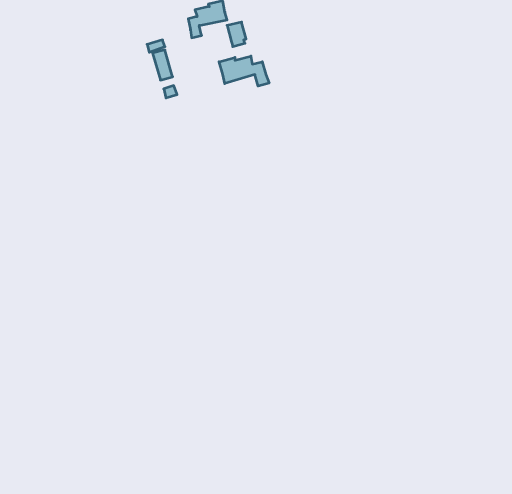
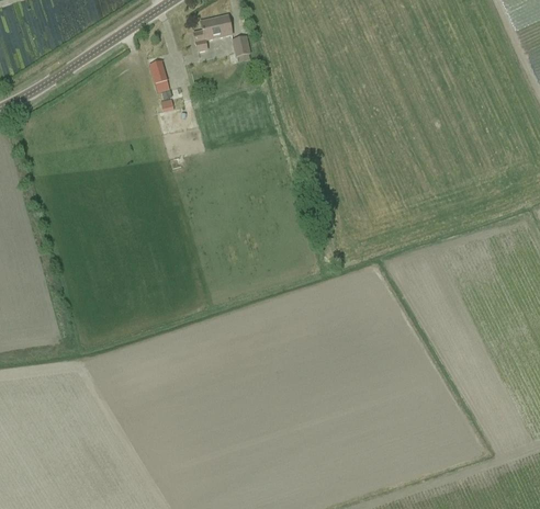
building: [219,56,269,86] -> none

